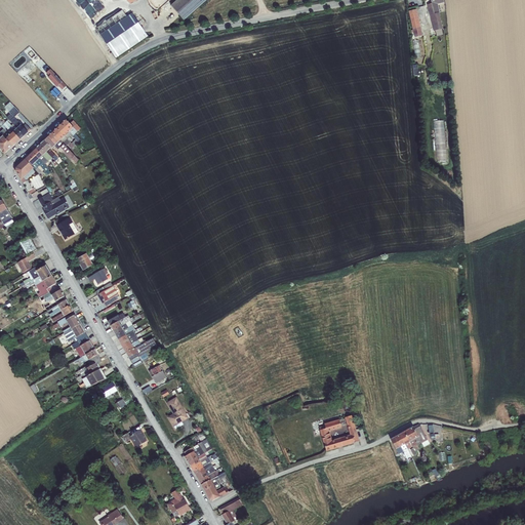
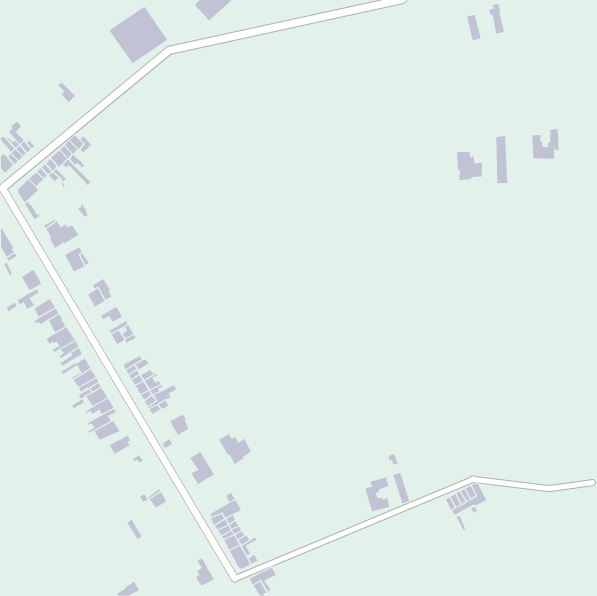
building: none -> [532,129,559,159]
building: none -> [456,151,485,181]
building: none -> [218,434,251,465]

